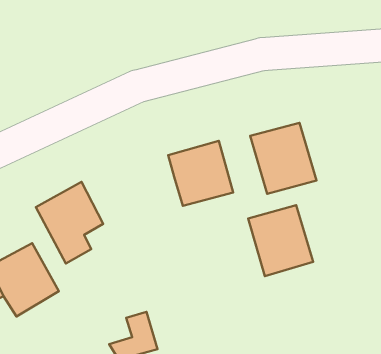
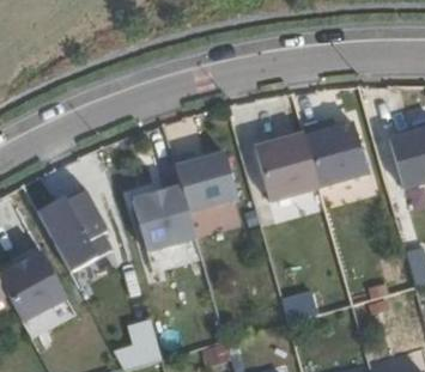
building: none -> [130,184,195,254]
building: [248,205,313,276] -> [303,117,368,188]

